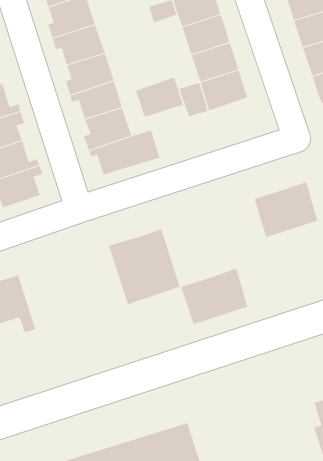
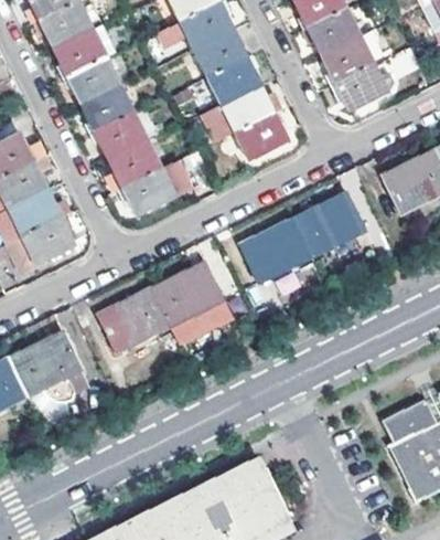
building: [135,77,184,118] -> [235,114,287,160]
building: none -> [96,287,170,353]
building: [180,268,248,325] -> [239,218,312,283]

